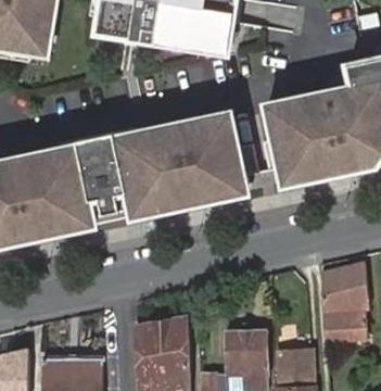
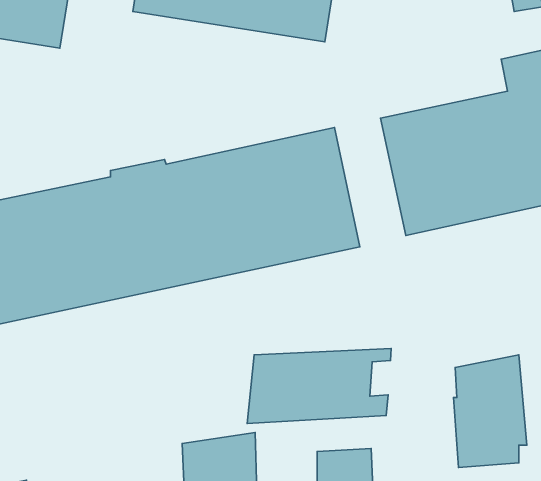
building: none -> [247,349,391,423]

